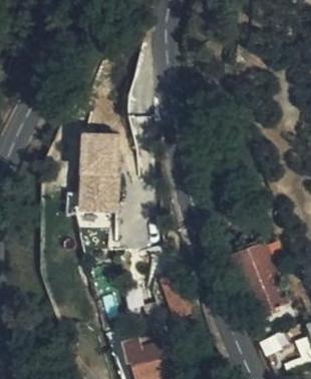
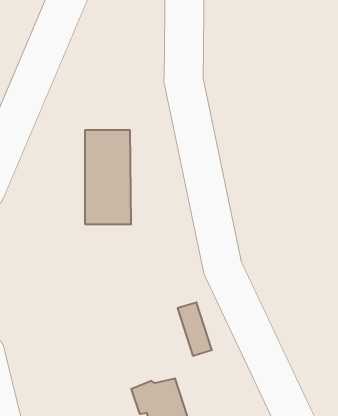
building: [231,246,278,314] -> none

